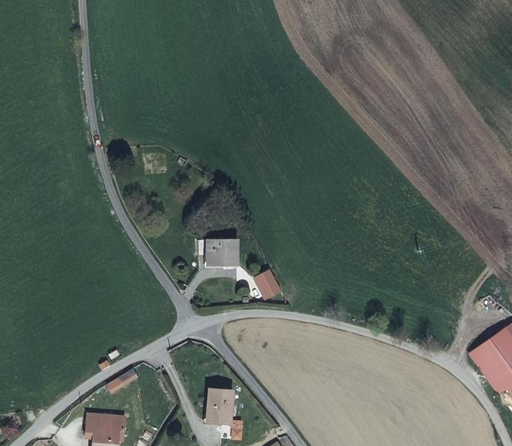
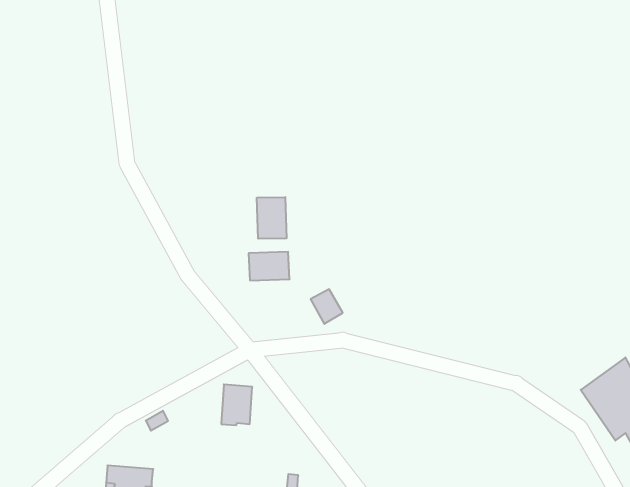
building: none -> [257,197,286,239]
building: [207,388,232,421] -> [221,384,252,425]

